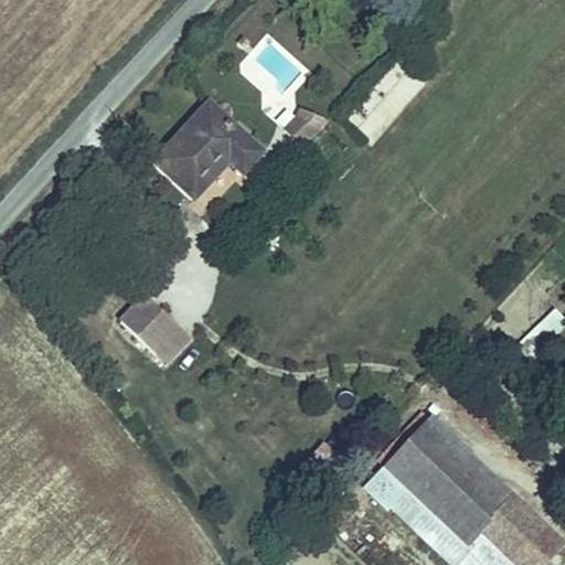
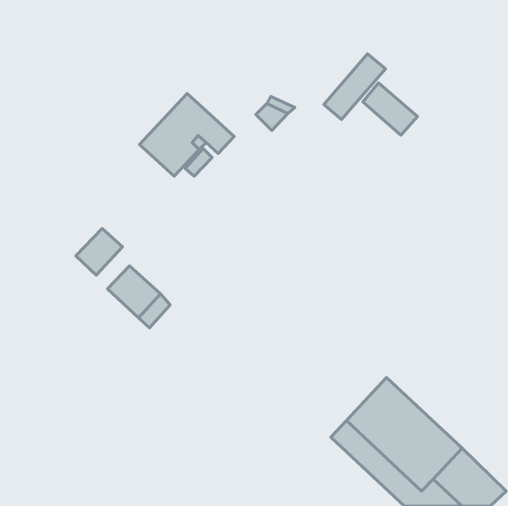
building: none -> [363,83,417,135]
building: none -> [76,228,122,275]

